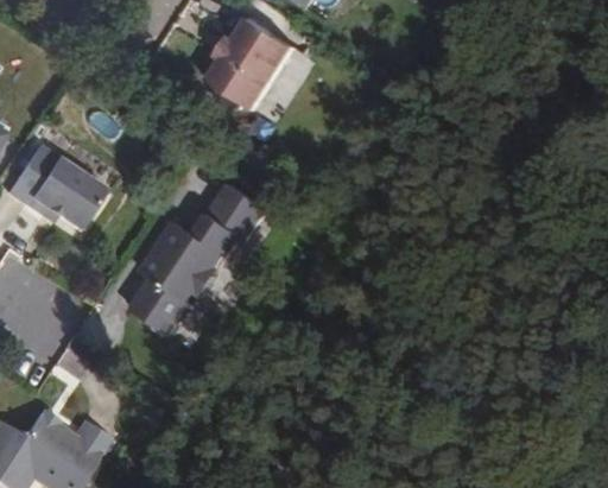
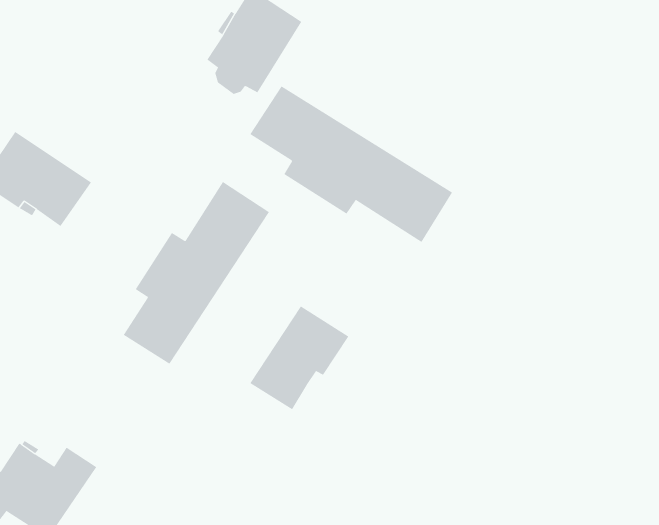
building: none -> [249,85,453,243]
building: none -> [250,305,349,410]

